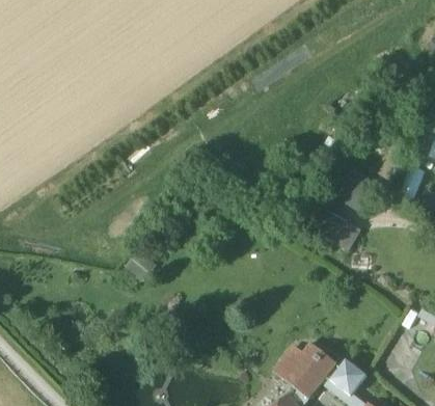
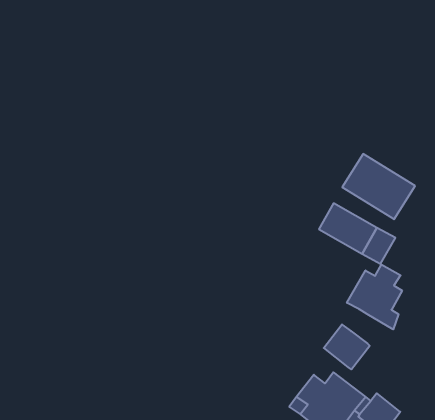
building: none -> [347,265,402,329]
building: none -> [324,324,370,369]

